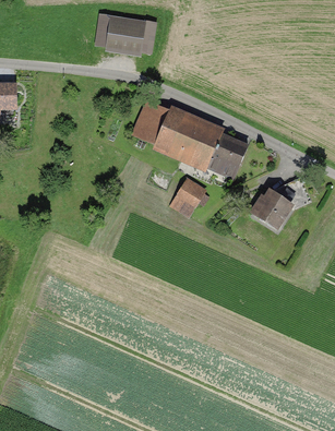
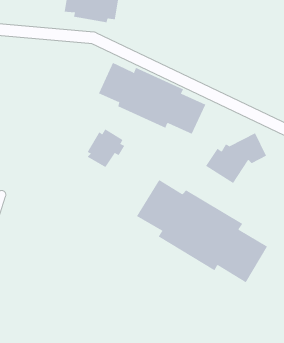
building: [168,175,210,217] -> [87,129,125,168]
building: none -> [136,179,268,283]

